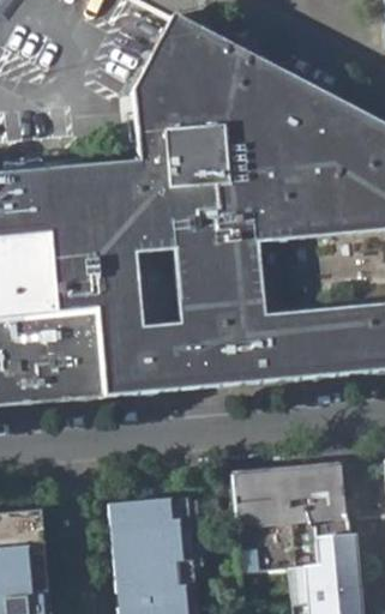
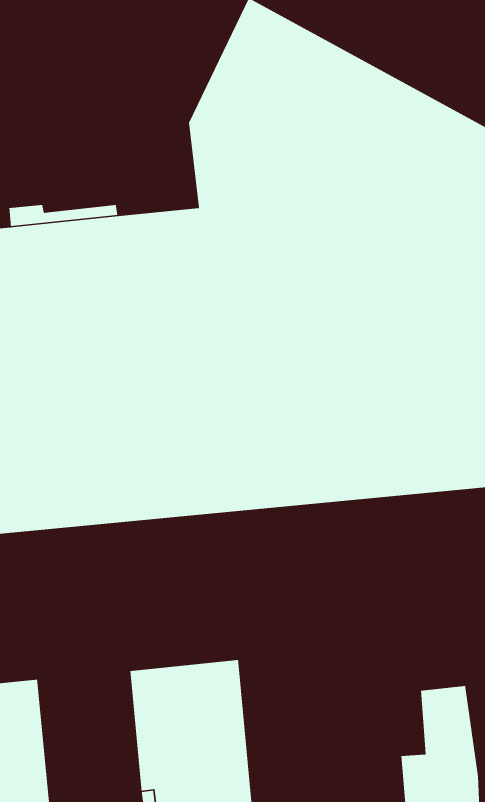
building: [230,464,348,572] -> none

